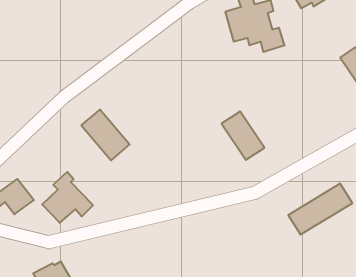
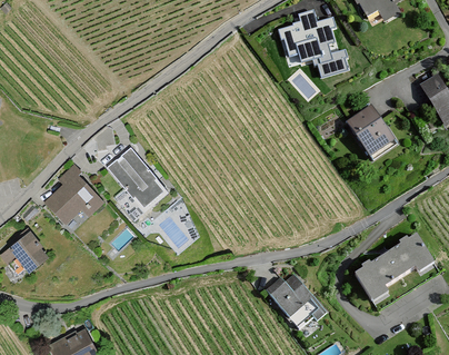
building: [222,112,264,160] -> [347,106,398,164]
building: [42,172,93,223] -> [44,160,106,221]
building: none -> [267,274,327,326]

